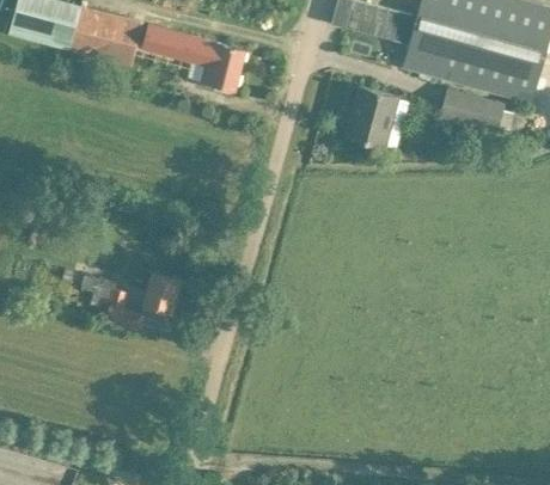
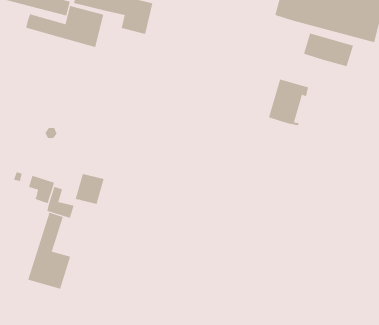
building: none -> [26,5,104,48]
building: [347,86,399,147] -> [268,79,309,126]
building: none -> [27,212,71,290]

